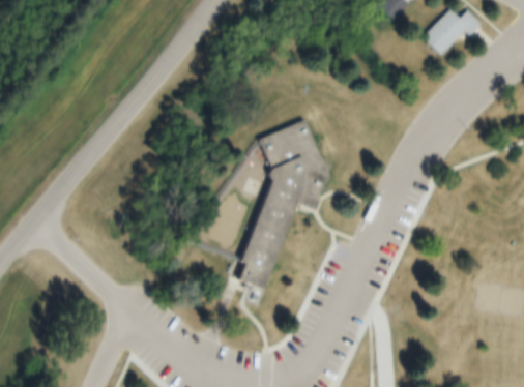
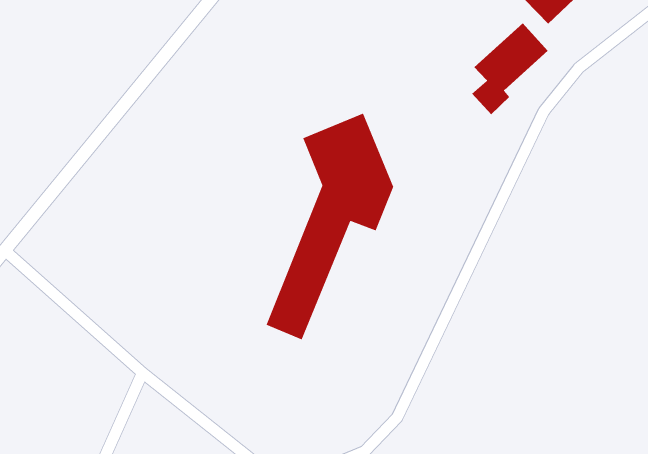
building: none -> [471,23,548,115]

